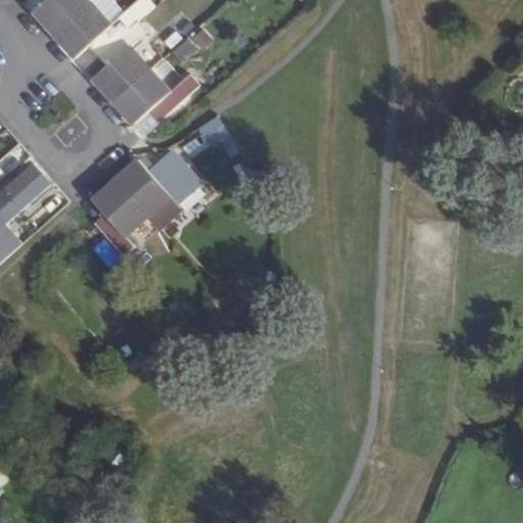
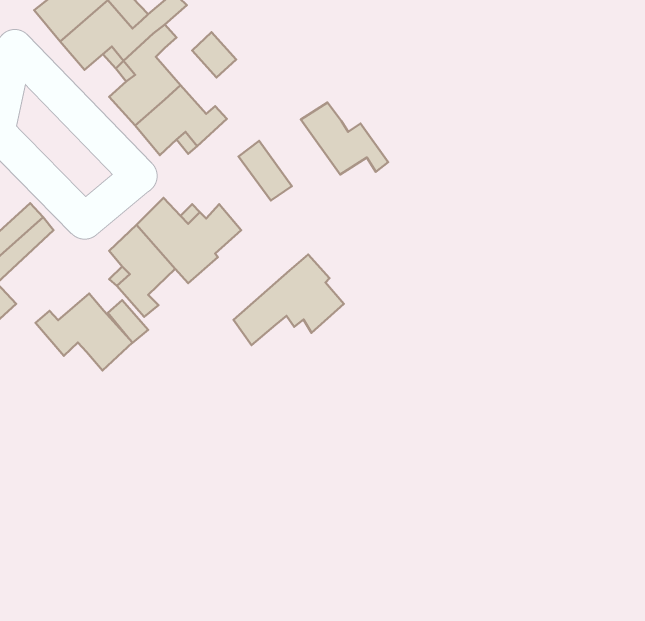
building: none -> [301,103,388,175]
building: none -> [233,254,344,345]
building: none -> [36,294,132,371]

